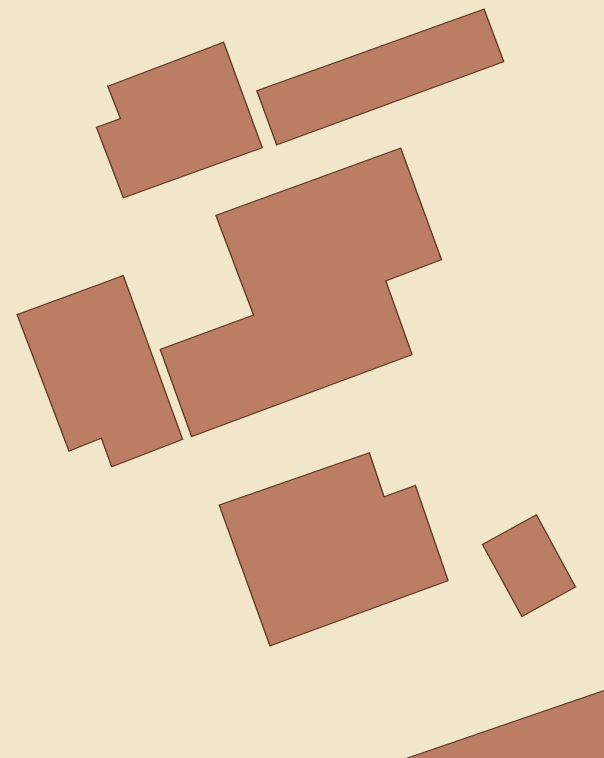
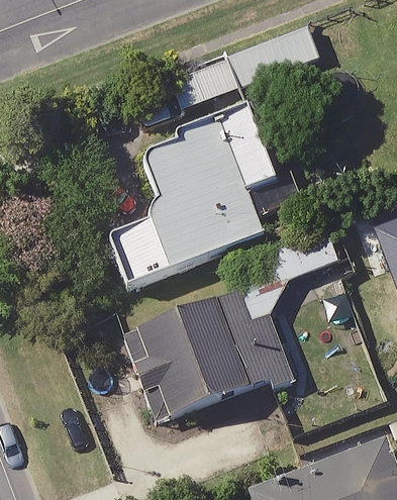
building: [96,42,262,198] -> none
building: [17,275,182,467] -> none

